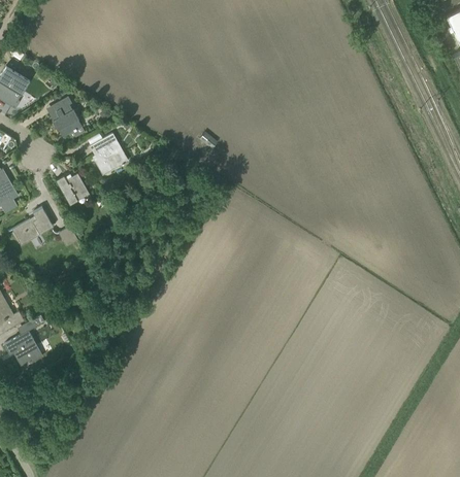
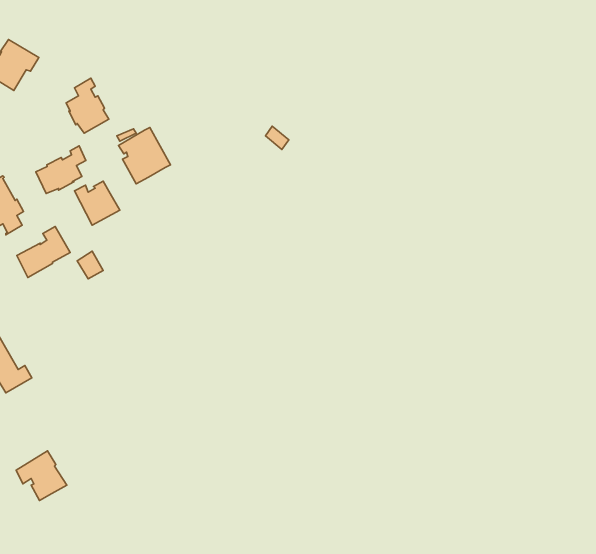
building: none -> [36,146,86,194]
building: [5,330,43,367] -> [16,451,67,500]

